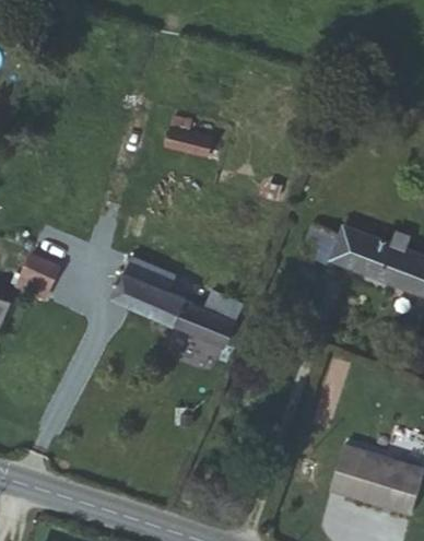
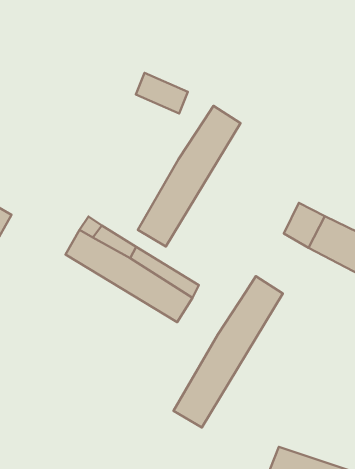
building: none -> [138,106,240,246]
building: none -> [174,276,283,428]

